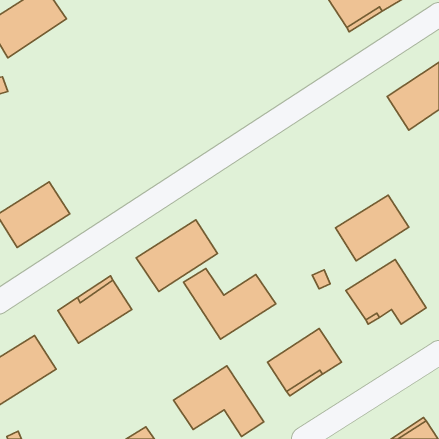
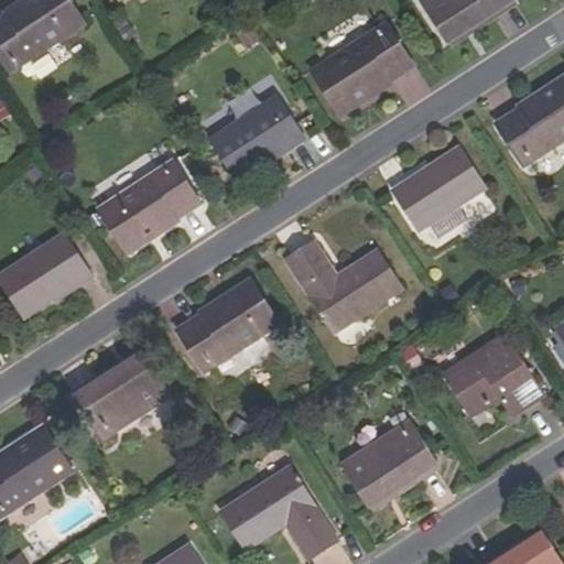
building: none -> [310,22,412,111]
building: none -> [210,95,303,178]
building: none -> [97,160,198,250]
building: [336,195,409,261] -> [391,148,485,231]
building: [183,268,276,339] -> [284,241,402,332]

